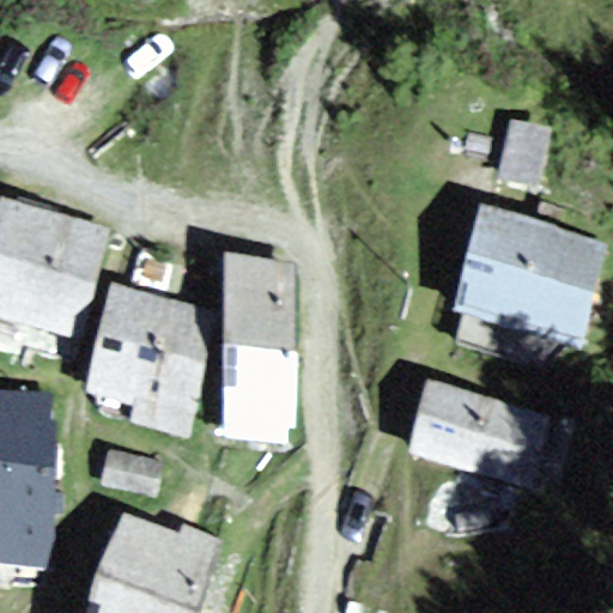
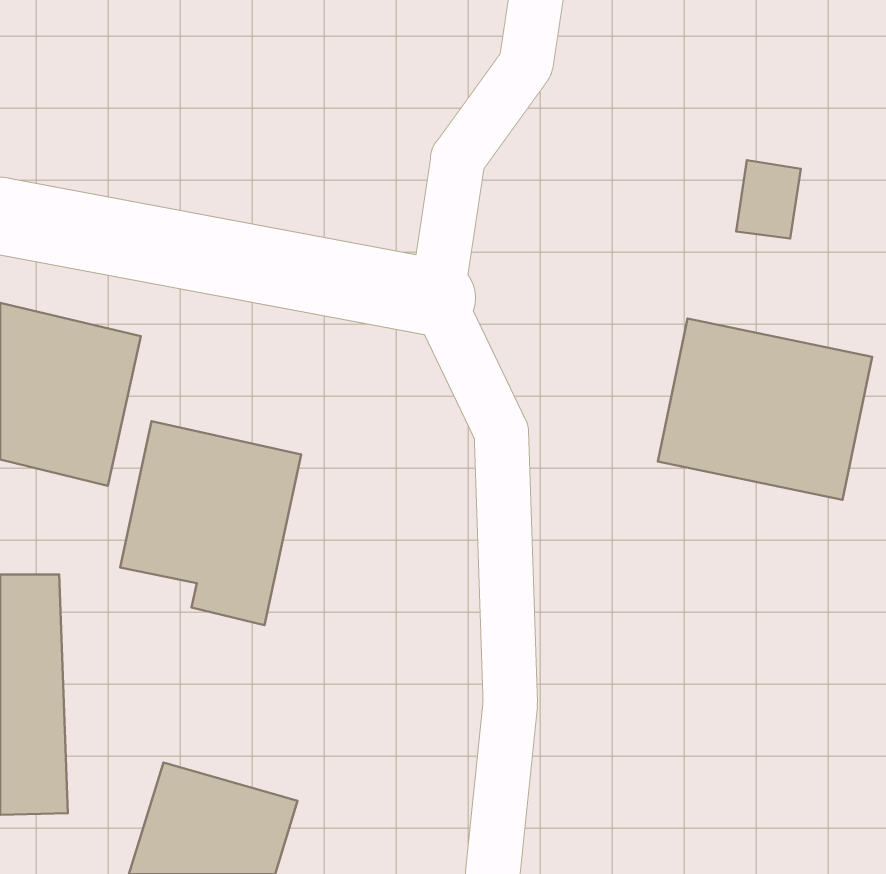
building: [220,266,287,431] -> none
building: [413,393,548,479] -> none

